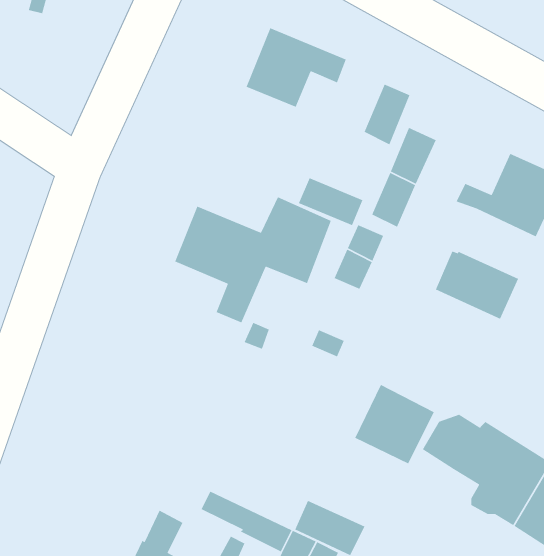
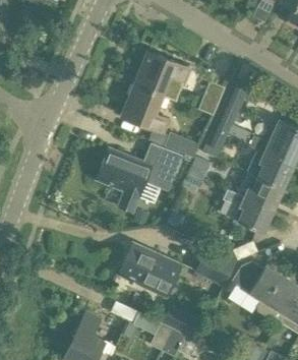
building: none -> [122,83,169,132]
building: none -> [250,149,293,187]
building: none -> [223,189,274,231]
building: none -> [119,243,182,297]

